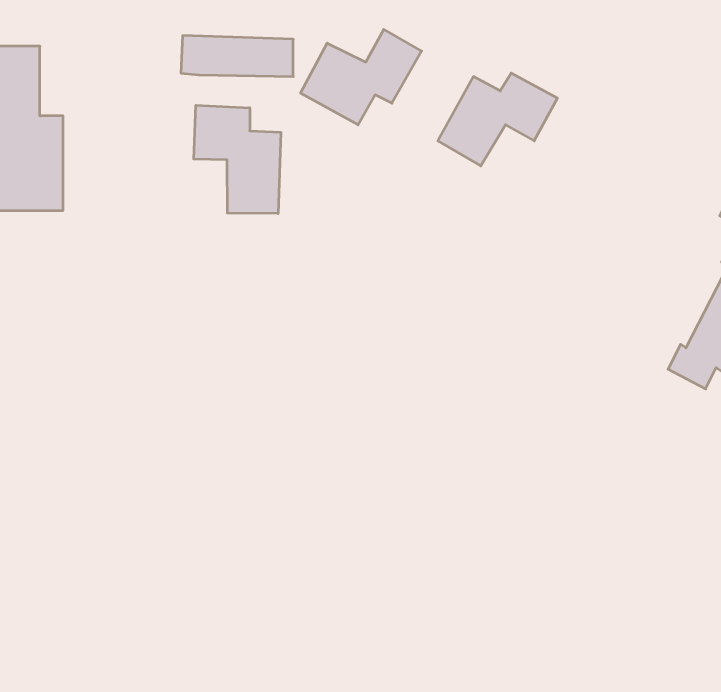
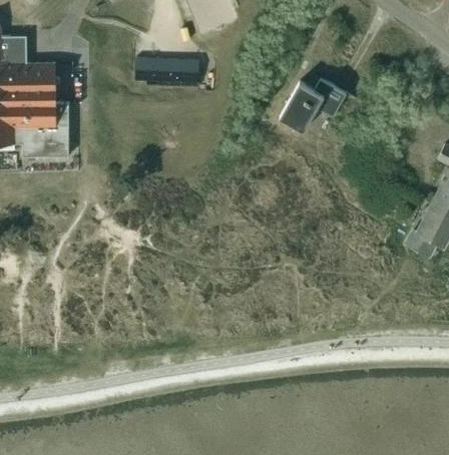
building: [301,29,422,125] -> none
building: [194,105,281,214] -> none

